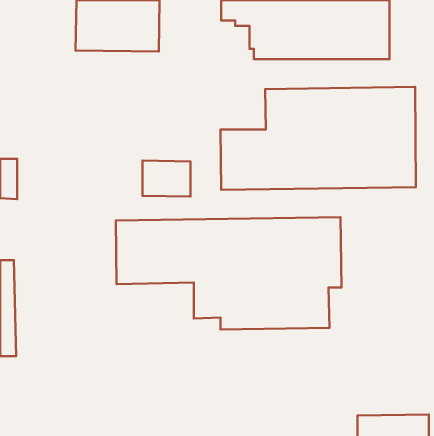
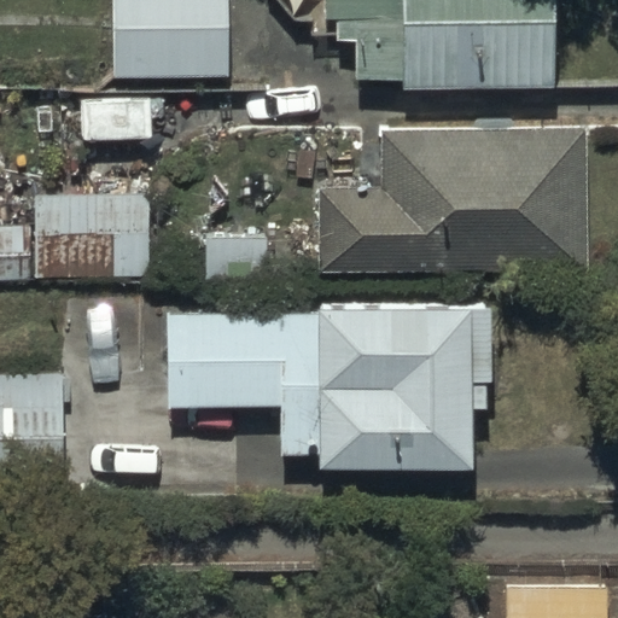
building: none -> [41,196,148,275]

